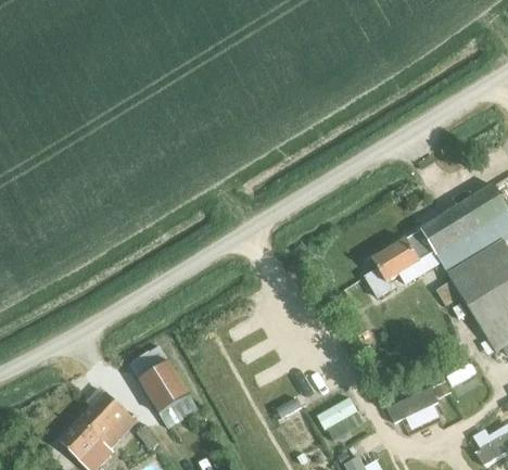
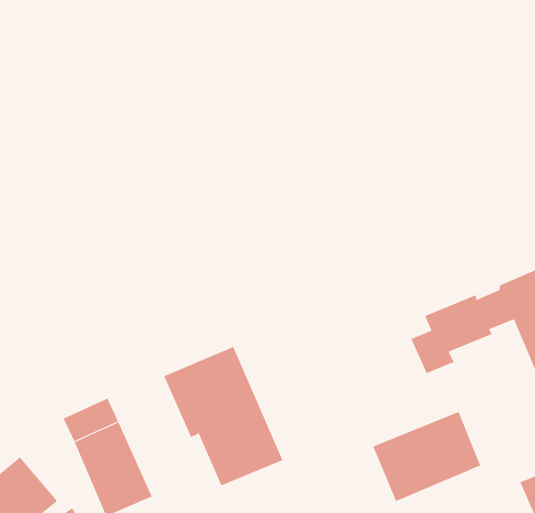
building: none -> [164,346,283,486]
building: none -> [373,411,481,502]

